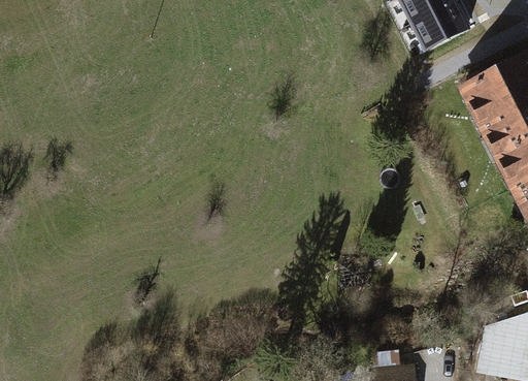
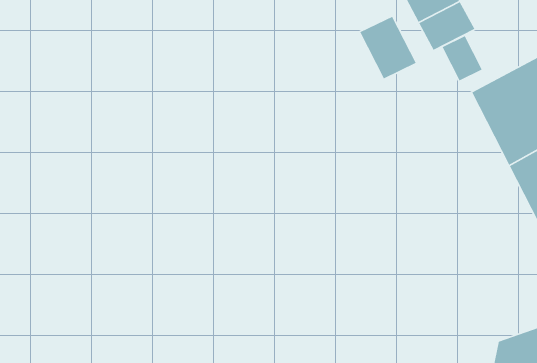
building: none -> [359,16,417,79]
building: none -> [441,35,483,82]

